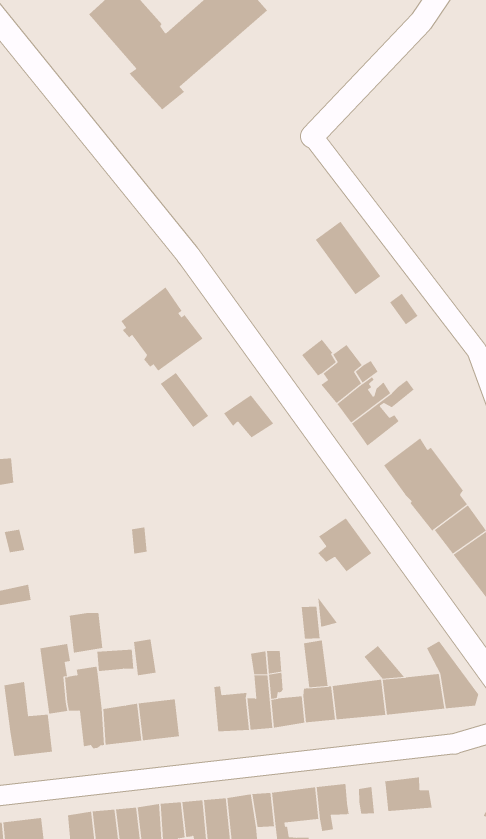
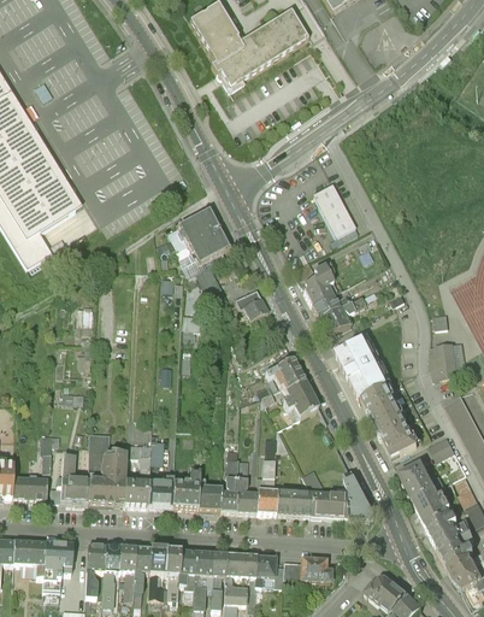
building: none -> [265,358,305,389]
building: [69,612,103,653] -> [85,477,107,503]
building: none -> [171,470,199,507]

